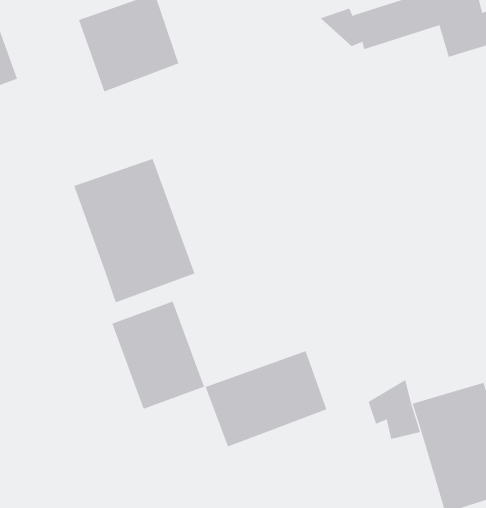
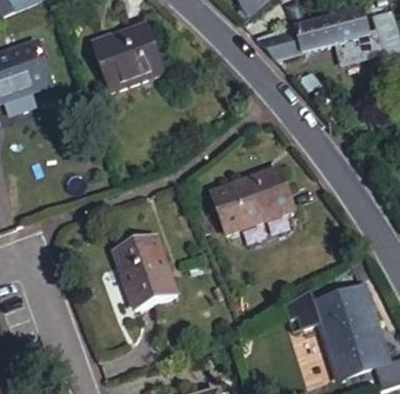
building: [73,158,195,303] -> none
building: [205,351,327,447] -> [213,161,296,227]

